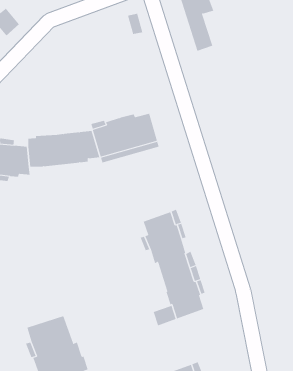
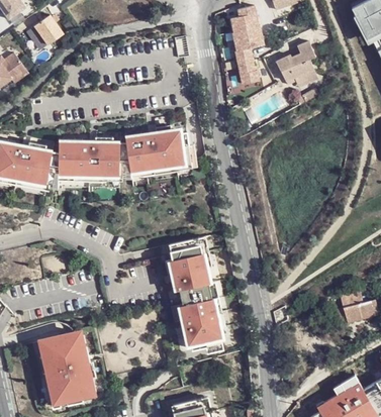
building: none -> [277,39,315,82]

